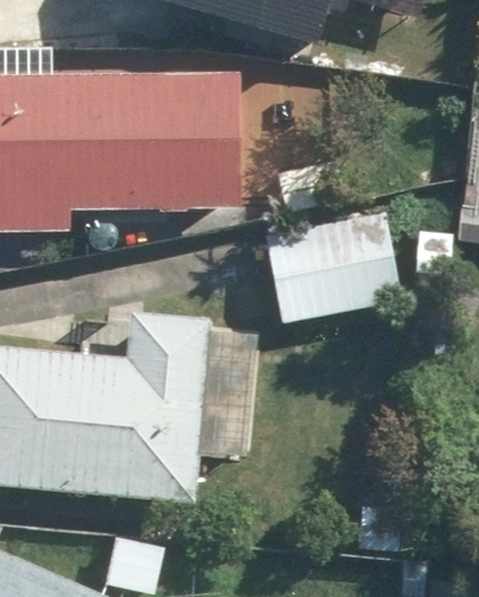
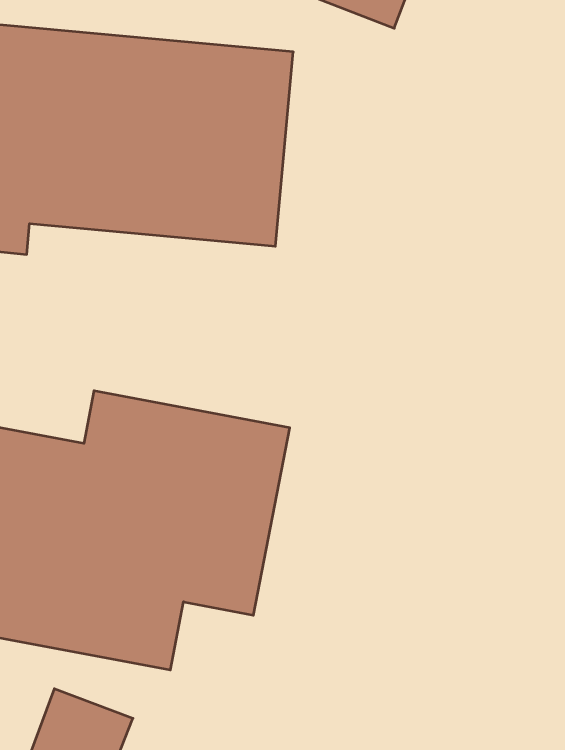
building: [273,215,386,309] -> none

